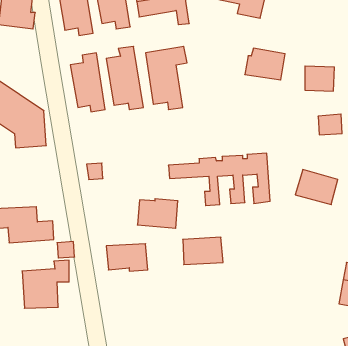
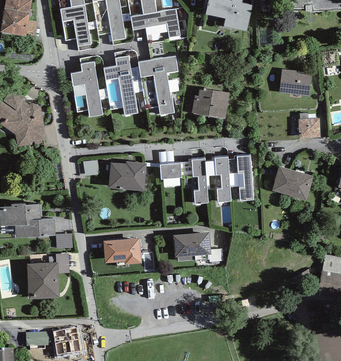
building: [245,48,285,80] -> [192,87,229,116]
building: [137,199,178,228] -> [109,160,146,188]

